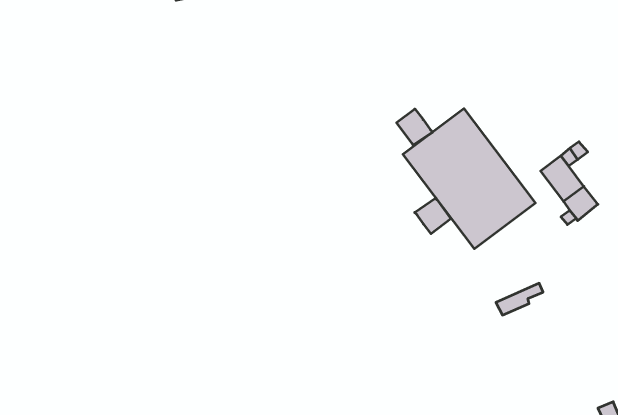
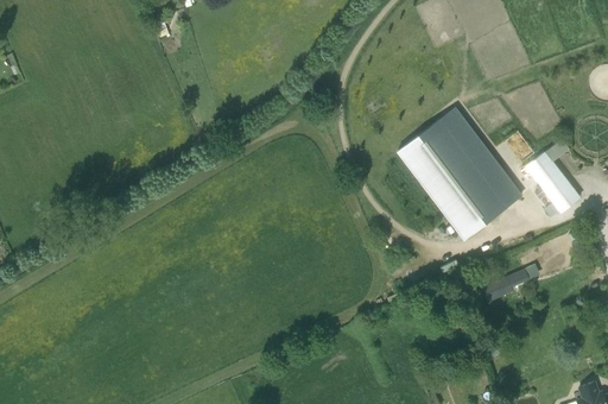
building: [397,109,433,145] -> none
building: [415,198,451,234] -> none

